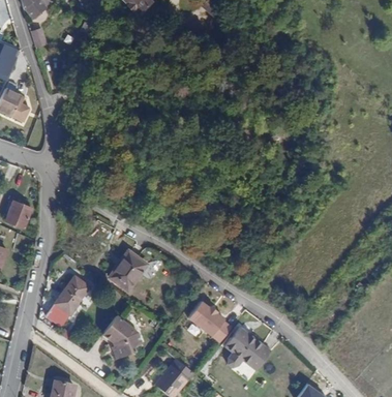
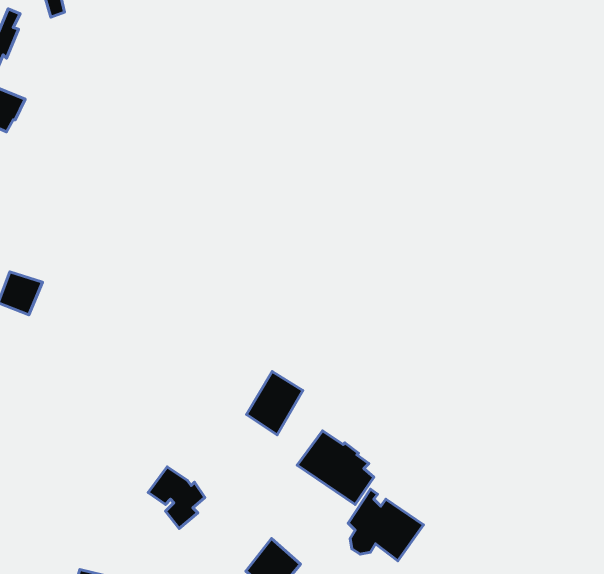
building: [108,247,142,285] -> [246,372,303,435]
building: [46,271,88,322] -> none

